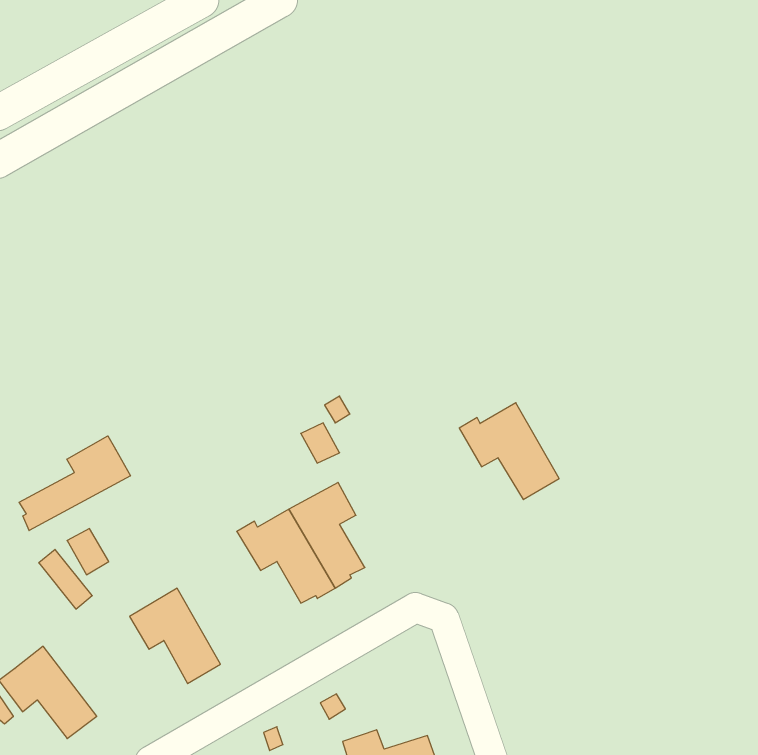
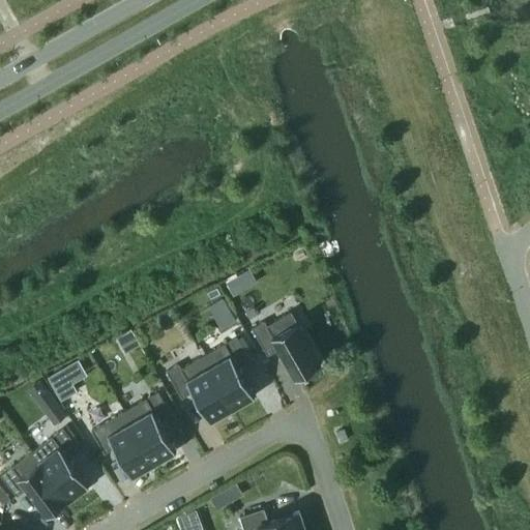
building: [459,403,559,500] -> [251,314,320,381]
building: [19,436,130,531] -> none
building: none -> [123,394,175,466]
building: none -> [30,431,87,502]

